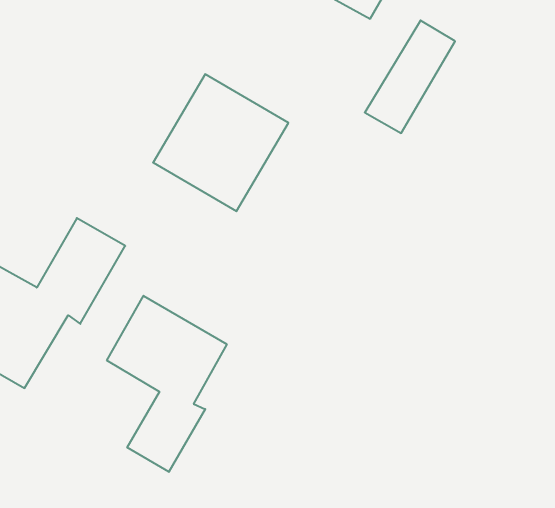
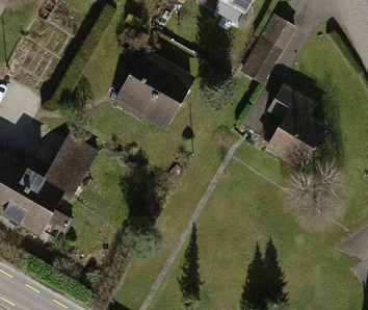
building: none -> [268,87,325,169]
building: [107,296,227,472] -> none

